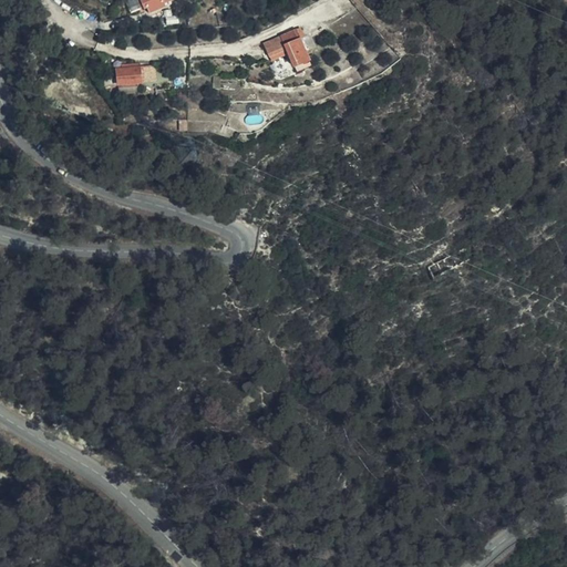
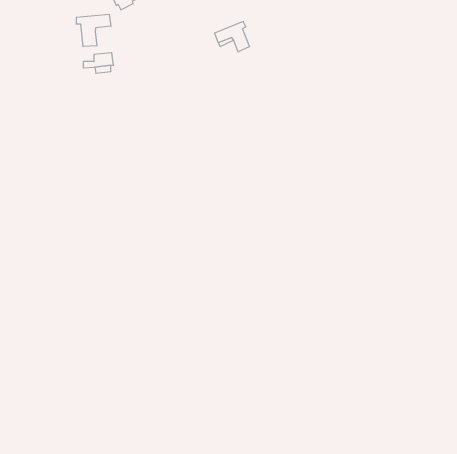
building: none -> [76,14,111,47]

